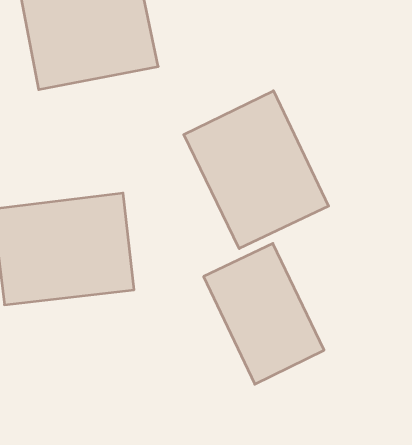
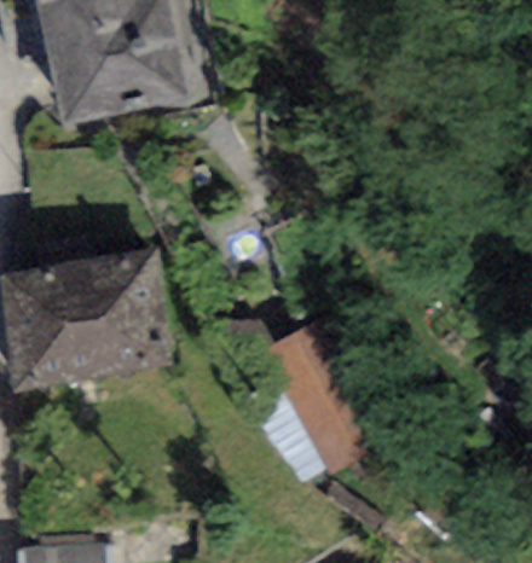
building: [184,91,329,249] -> none

